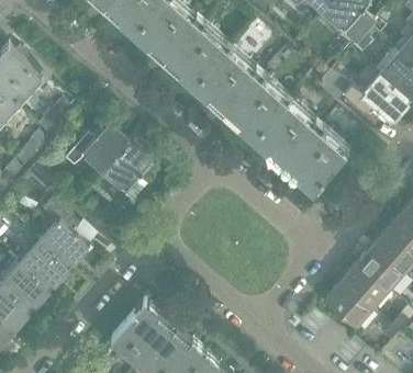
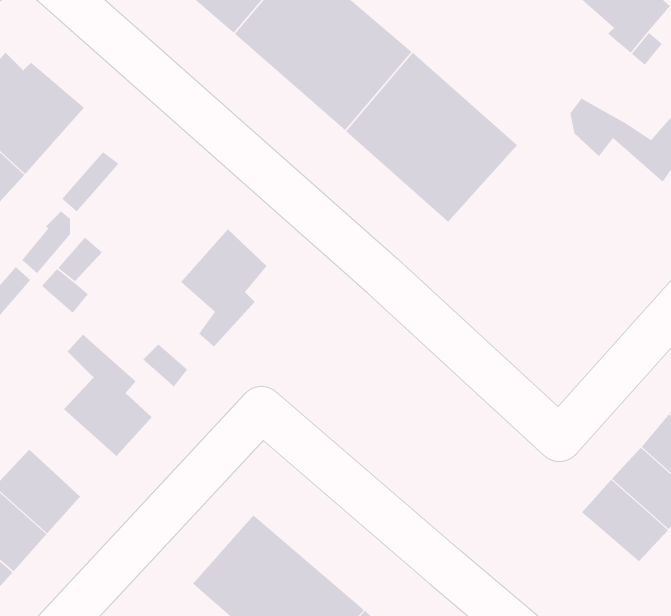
building: [250,97,348,193] -> none
building: [64,123,129,172] -> none
building: [19,242,67,291] -> none

